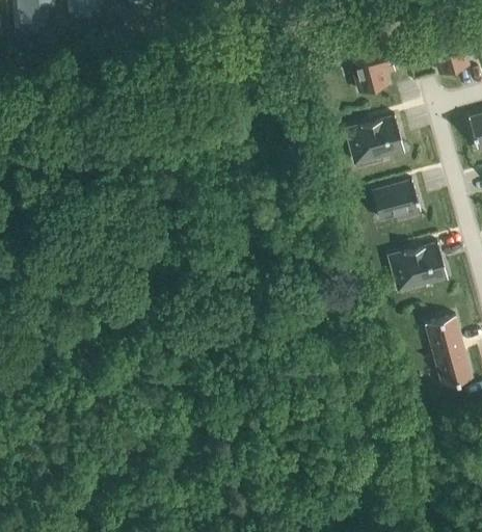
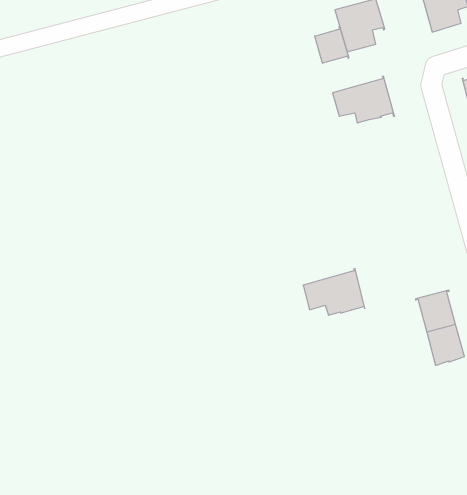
building: none -> [315,26,349,63]
building: [372,180,420,219] -> none
building: [389,242,447,286] -> [303,269,365,315]

